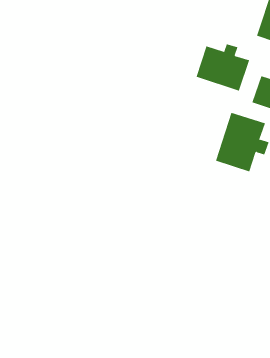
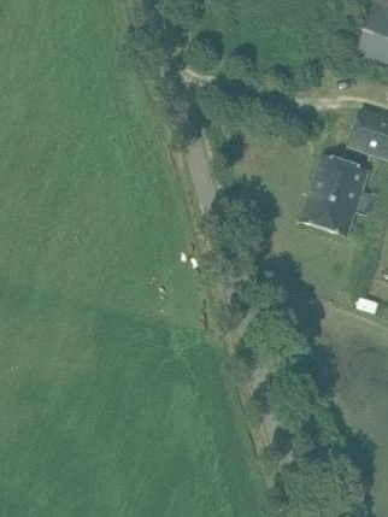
building: [196,43,250,91] -> none

